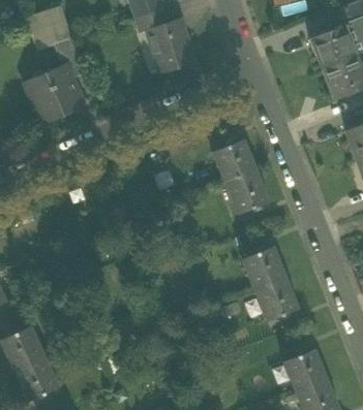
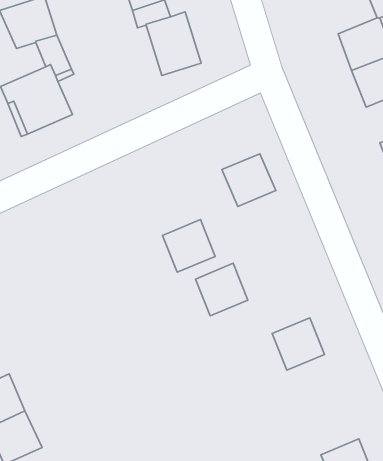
building: [225,170,270,215] -> [162,220,215,272]
building: [242,247,286,291] -> [195,263,248,316]
building: [283,349,328,393] -> none

